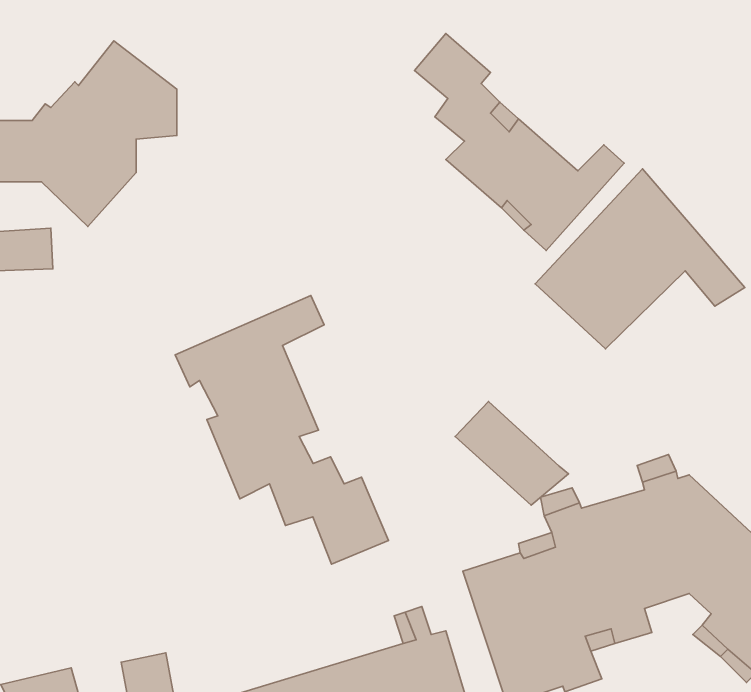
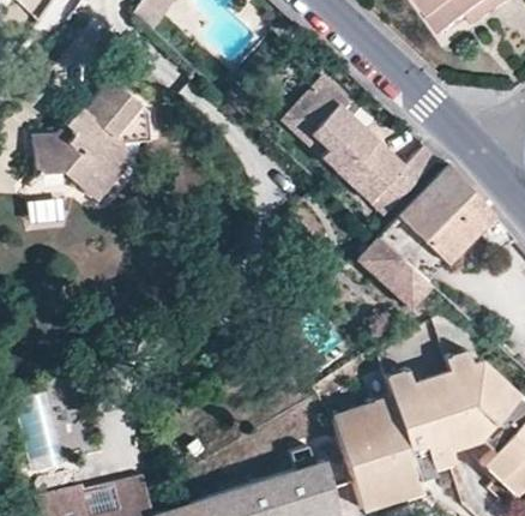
building: none -> [283,98,334,156]
building: [175,295,388,564] -> none
building: [455,401,568,505] -> [358,236,432,304]

